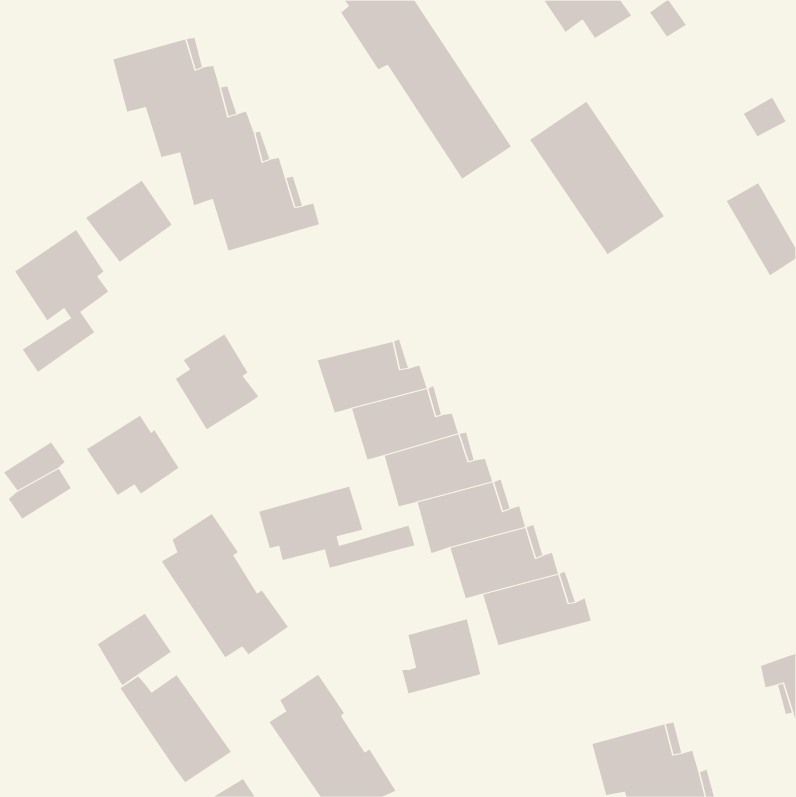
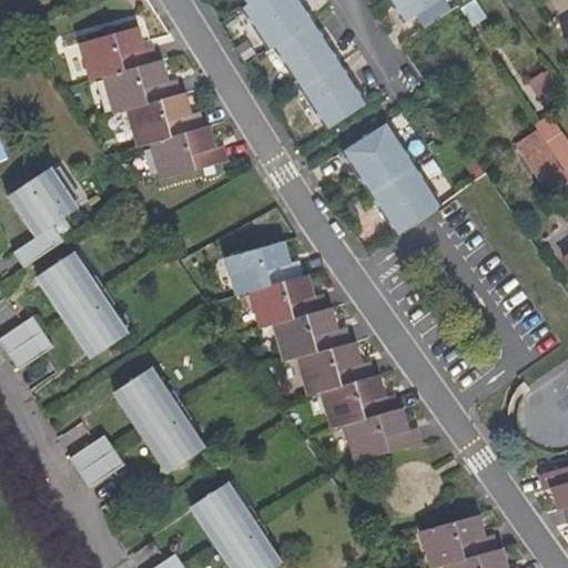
building: [529,101,665,255] -> [343,124,439,234]
building: [85,180,172,263] -> none
building: [175,334,259,430] -> [44,247,104,316]
building: [259,486,415,569] -> none
building: [401,619,481,694] -> none
building: [120,674,232,783] -> none

